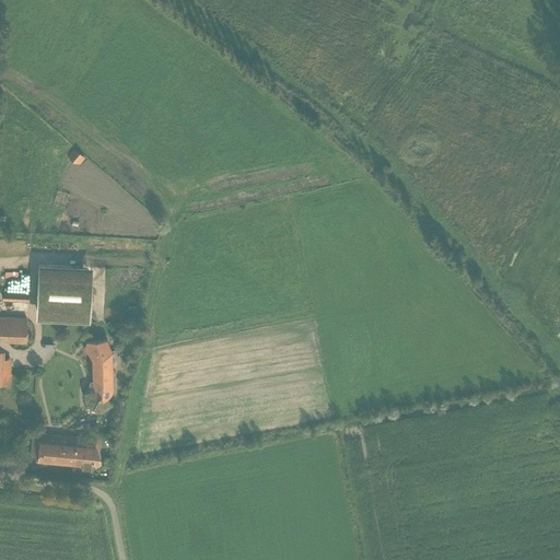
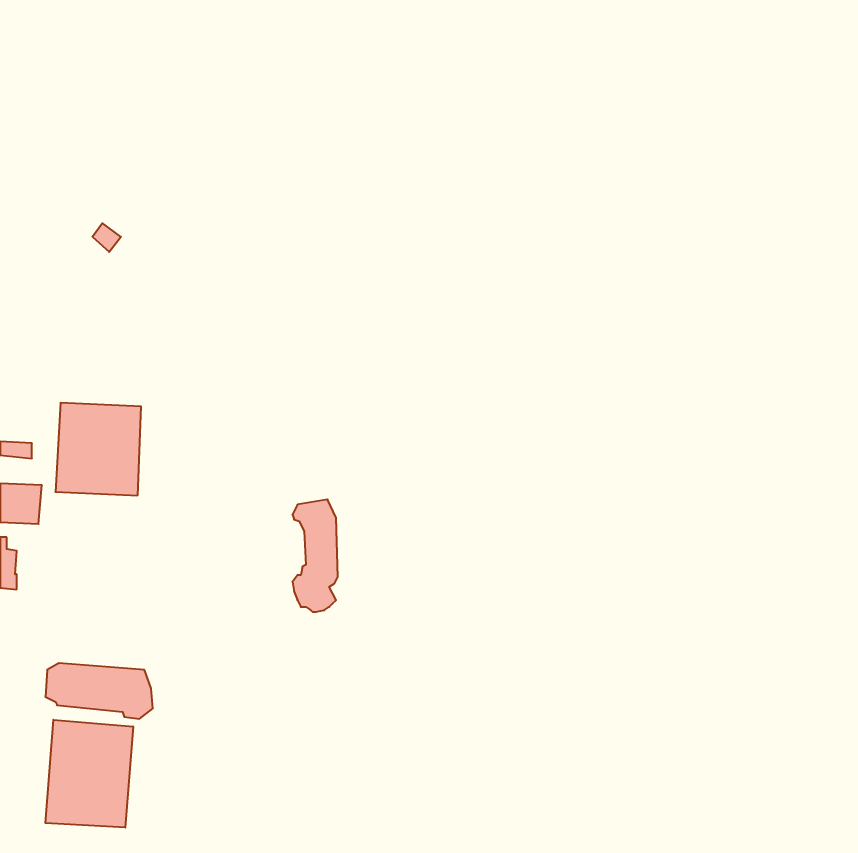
building: [83,341,113,415] -> [292,499,338,612]
building: none -> [45,720,133,828]

